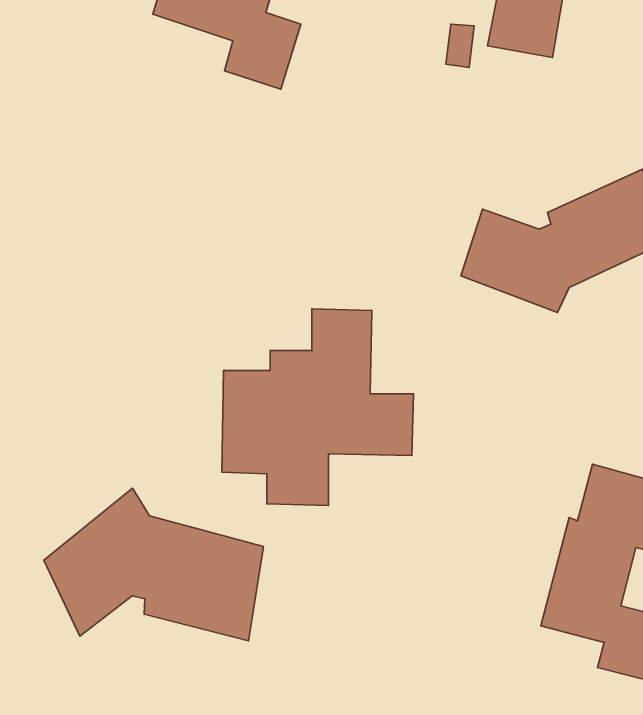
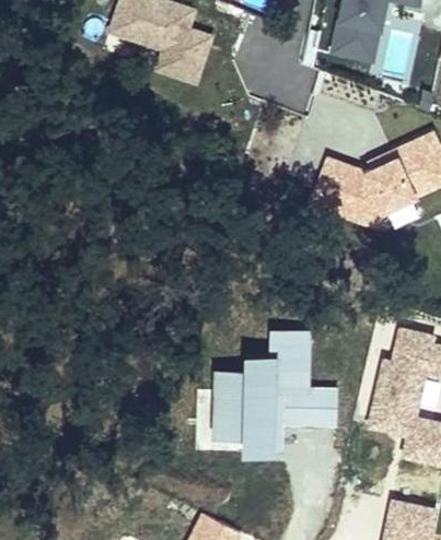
building: [222,309,413,505] -> [212,332,338,461]
building: [44,488,263,641] -> none

